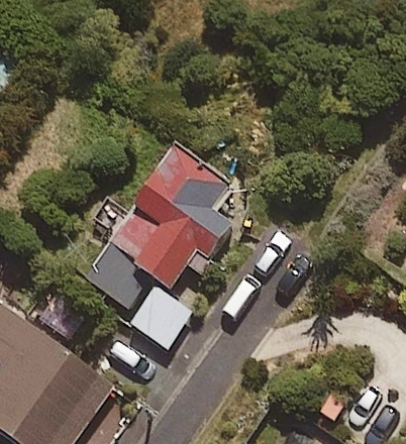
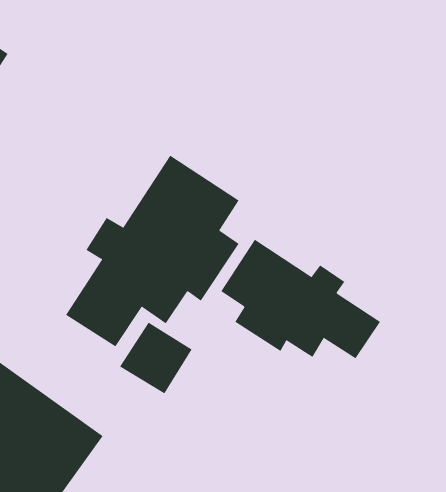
building: none -> [220,239,381,359]

